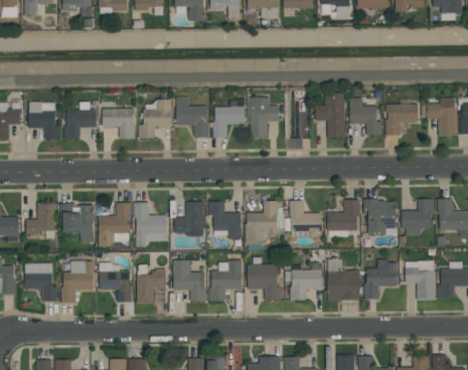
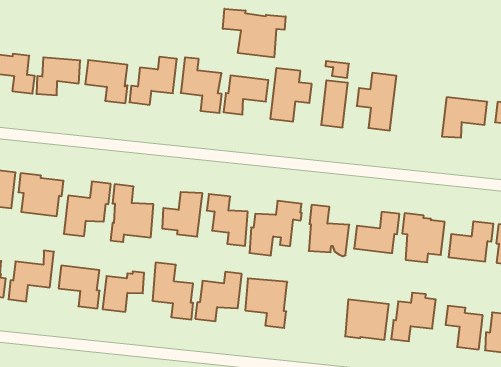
building: none -> [223,9,286,57]
building: [349,98,381,134] -> none
building: [290,269,321,299] -> none

